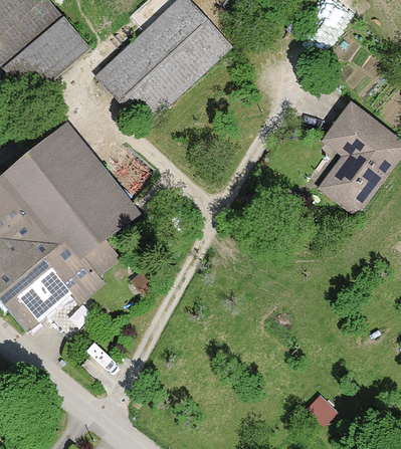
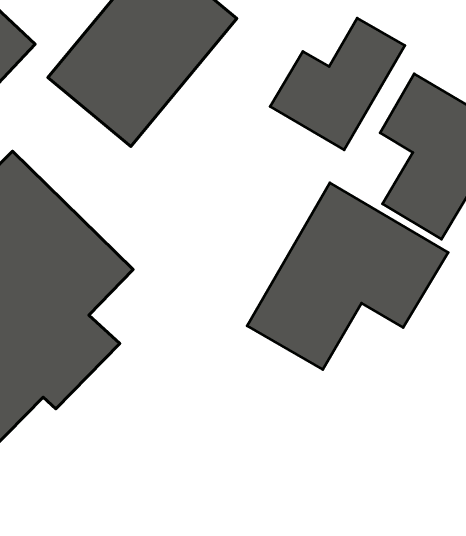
building: none -> [270,18,405,150]
building: none -> [247,183,448,369]

